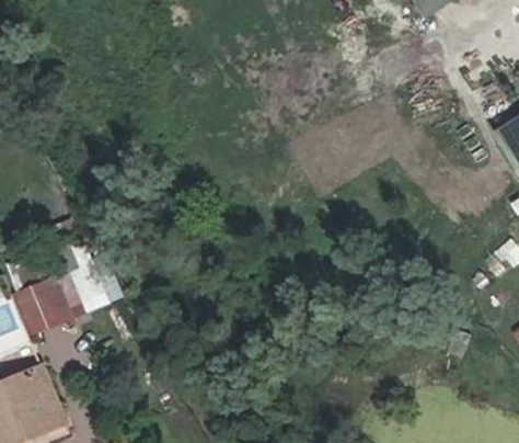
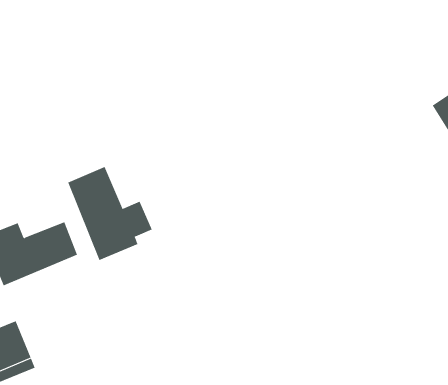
building: none -> [67,166,153,261]

